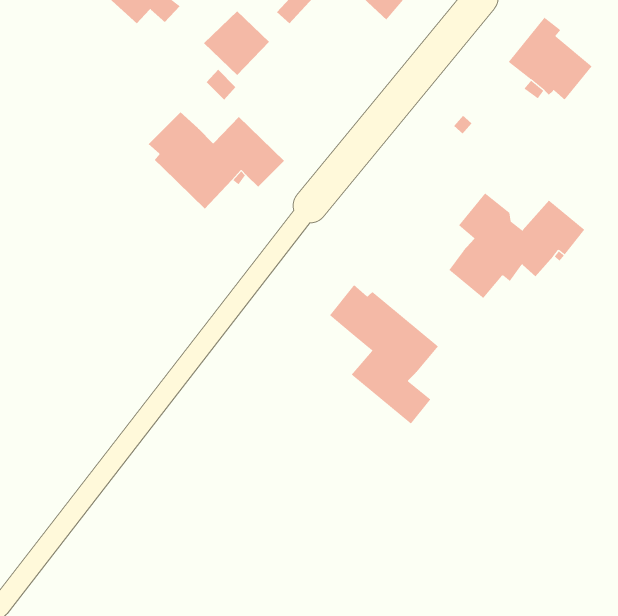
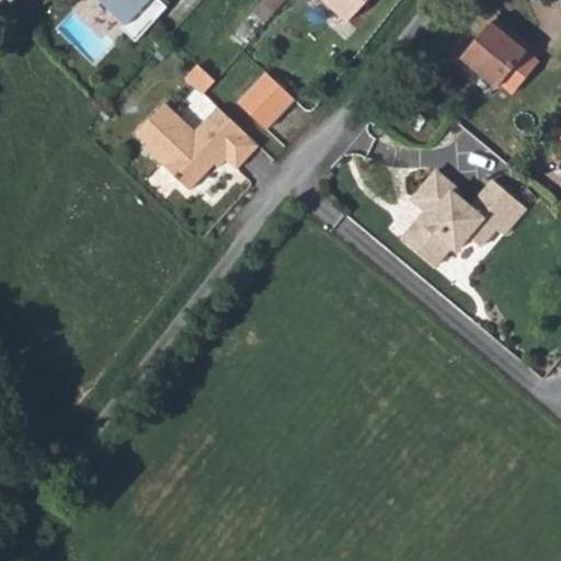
building: [203,10,270,76] -> [234,71,295,130]
building: [329,284,439,425] -> none

